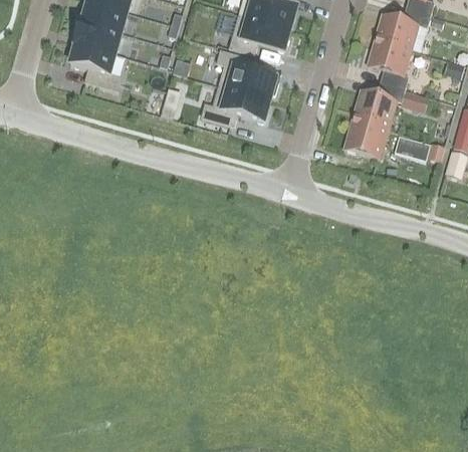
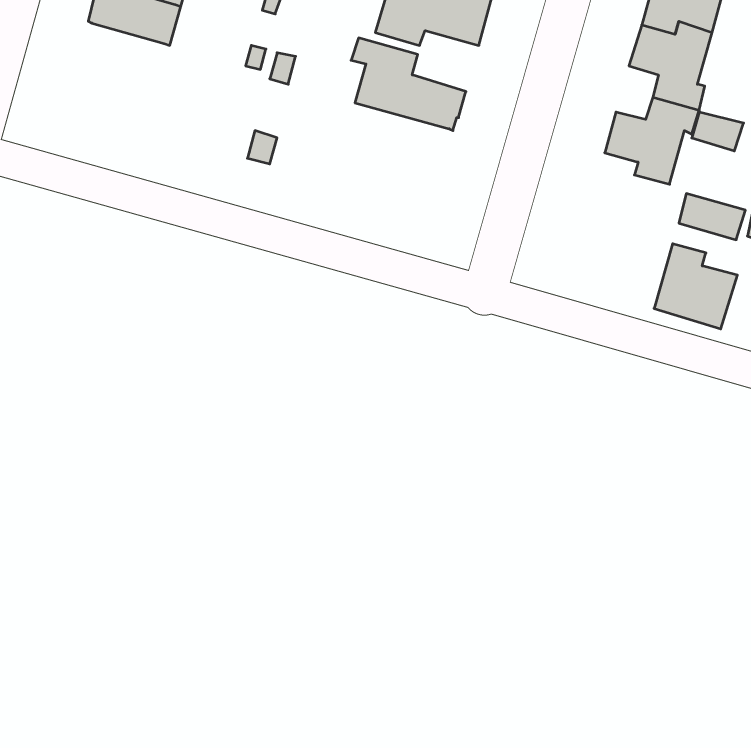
building: [66,41,121,90] -> none
building: [201,85,271,126] -> none
building: [343,112,389,159] -> [654,244,737,329]

